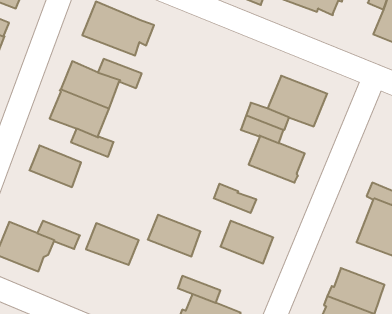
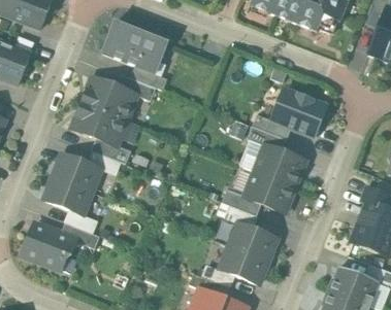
building: none -> [243,170,296,211]
building: [148,215,201,256] -> [219,245,267,283]
building: [86,223,139,265] -> [43,175,92,213]

